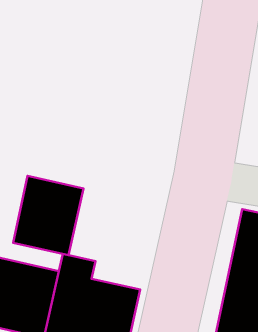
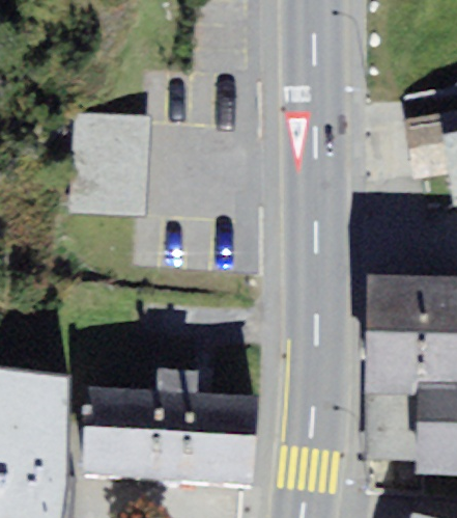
building: none -> [76,127,149,222]
building: [13,176,83,255] -> none

